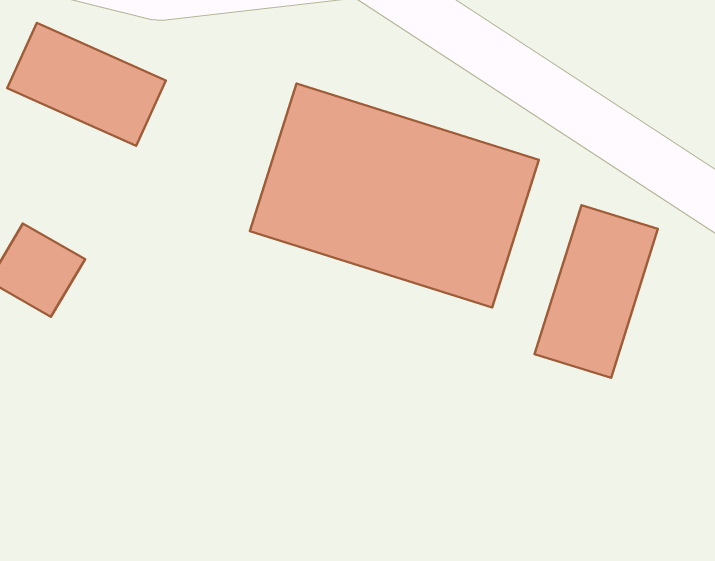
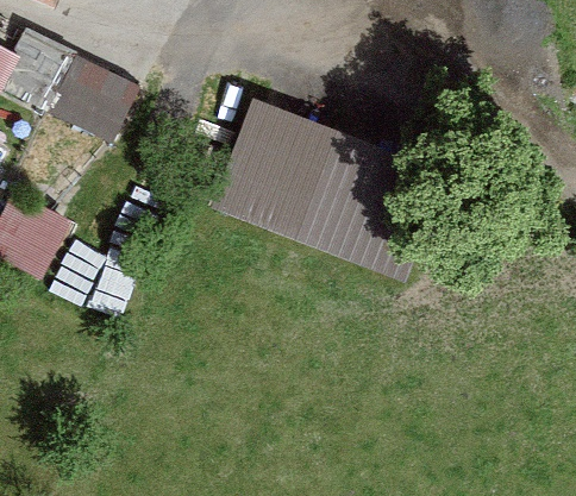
building: [535,205,658,378] -> none

